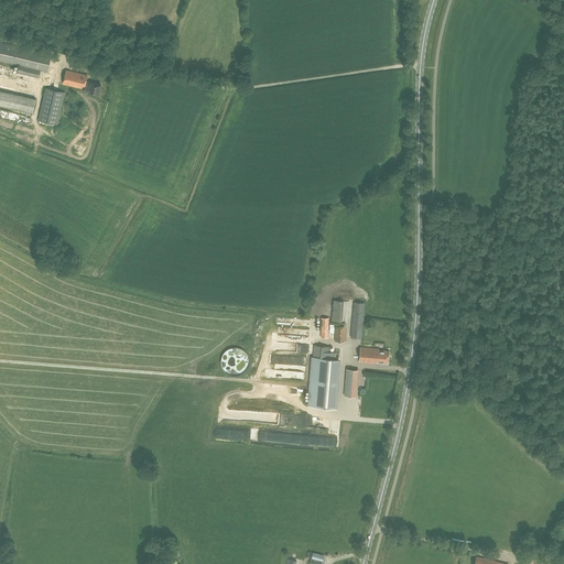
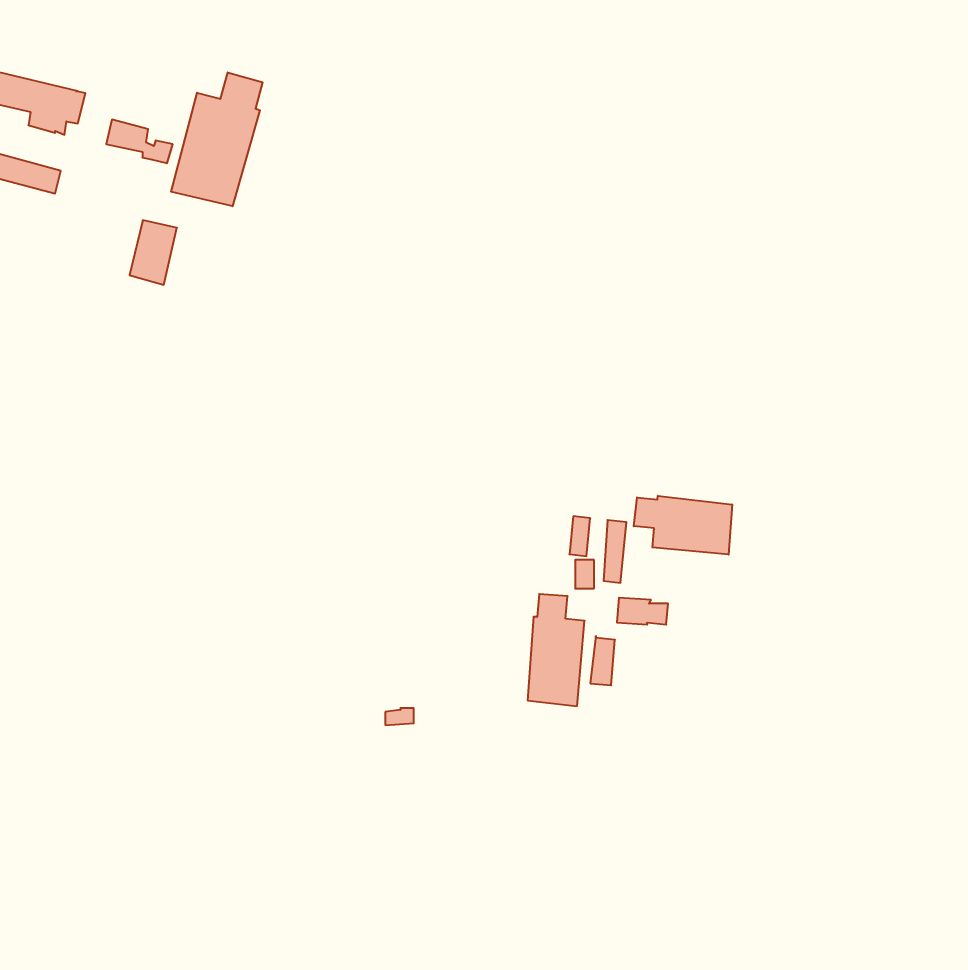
building: none -> [171,72,263,206]
building: [36,88,64,126] -> [130,220,177,285]
building: none -> [634,496,732,555]

